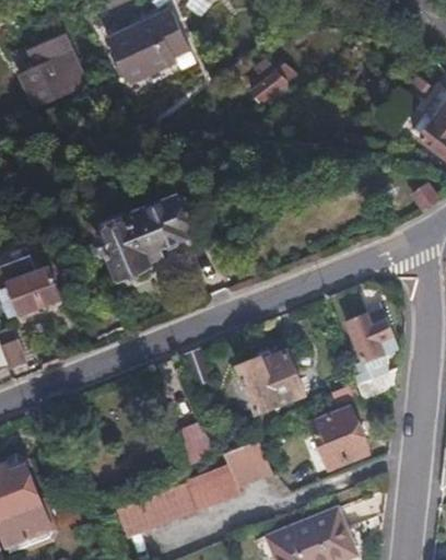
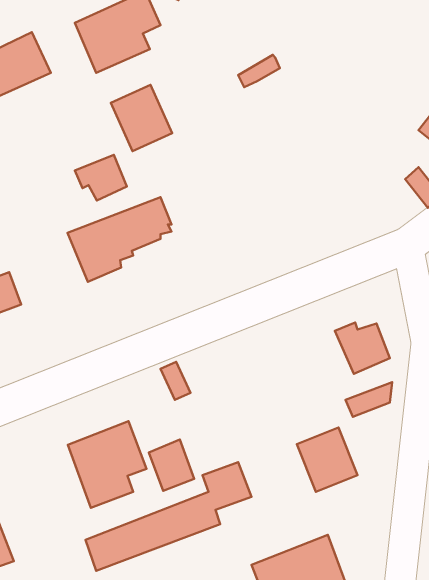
building: none -> [111,85,172,151]
building: none -> [75,155,127,200]
building: [239,348,306,410] -> none
building: none -> [68,421,147,508]

